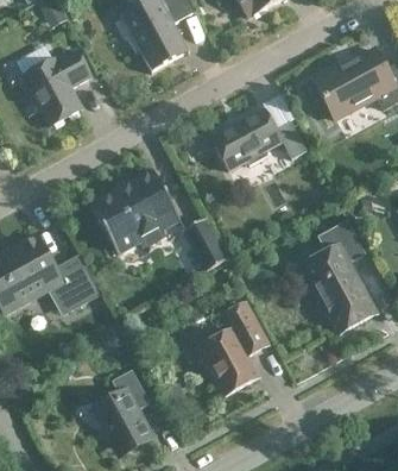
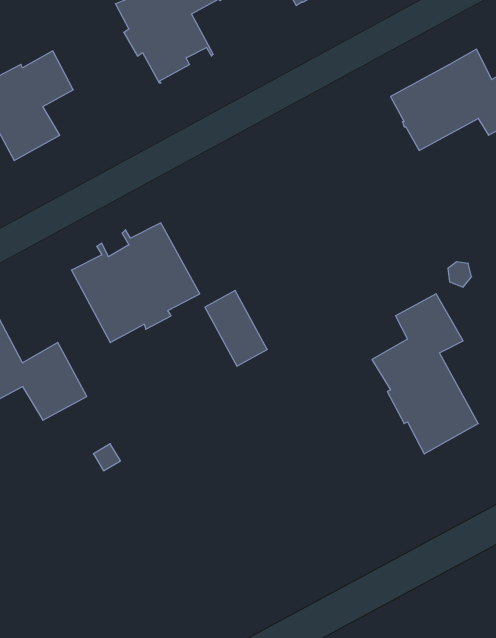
building: [210,108,305,170] -> none
building: [194,302,267,395] -> none
building: [91,369,151,456] -> none

